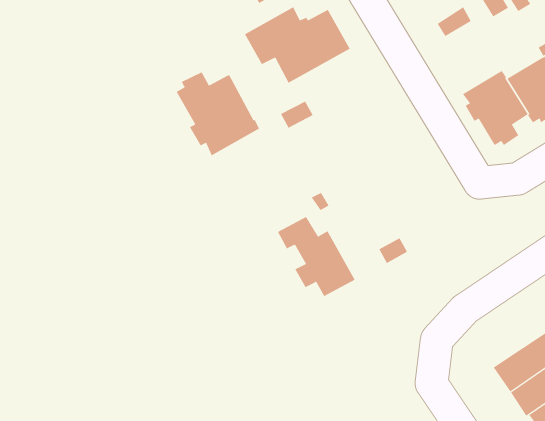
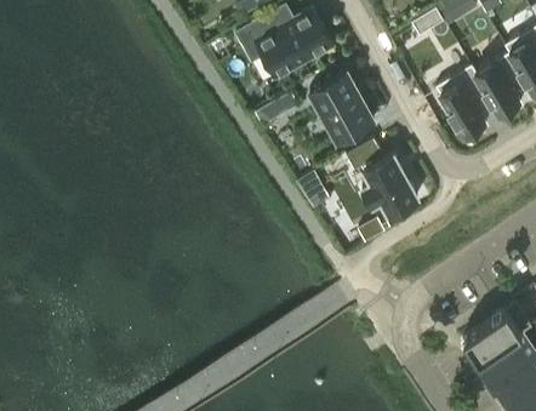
building: [176,71,260,156] -> none
building: none -> [309,72,374,142]
building: [277,216,356,297] -> [346,141,417,215]

